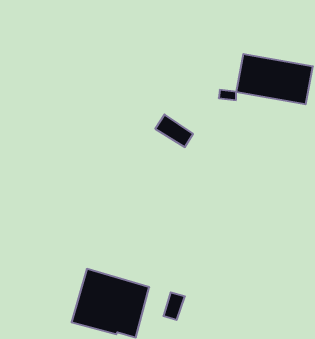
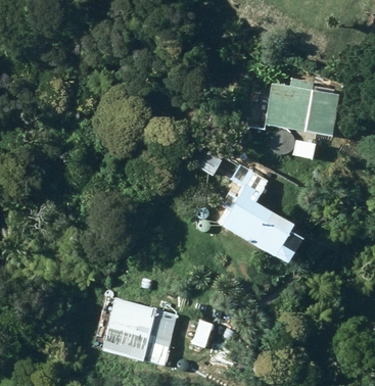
building: none -> [220,163,294,263]

